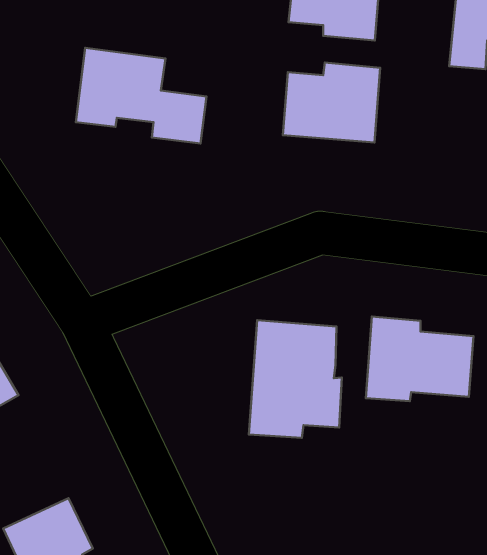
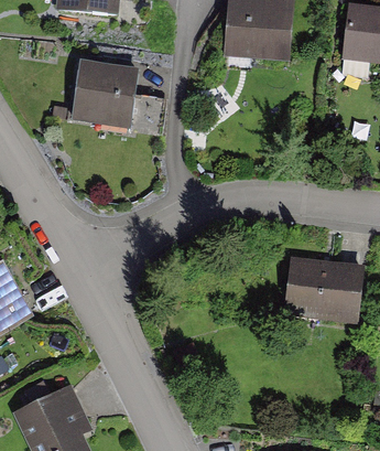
building: [283,63,380,143] -> none
building: [249,320,342,438] -> none

